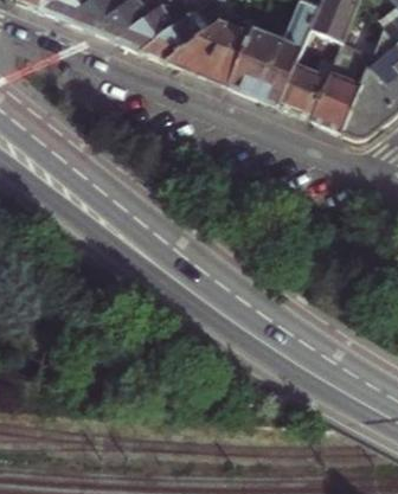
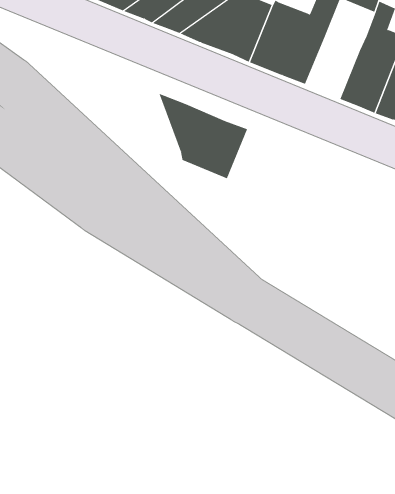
building: [280,70,328,126] -> none
building: none -> [158,93,248,179]

